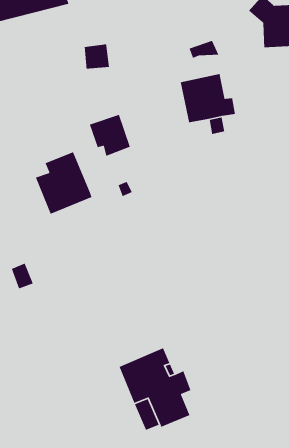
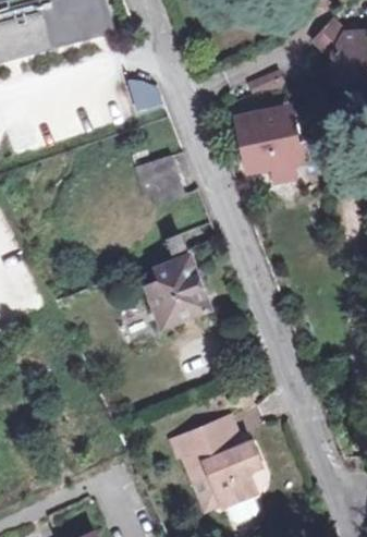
building: [35,151,93,215] -> [144,252,209,324]

